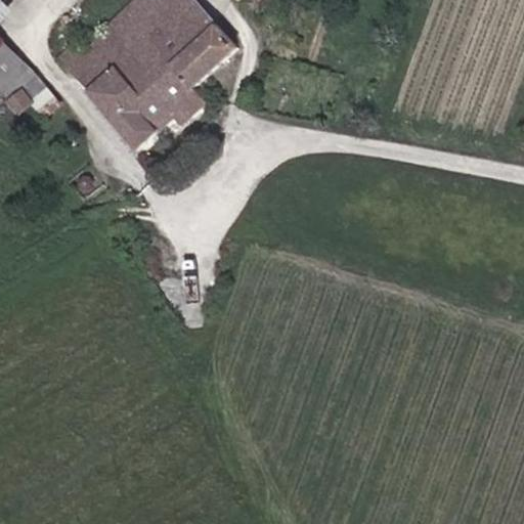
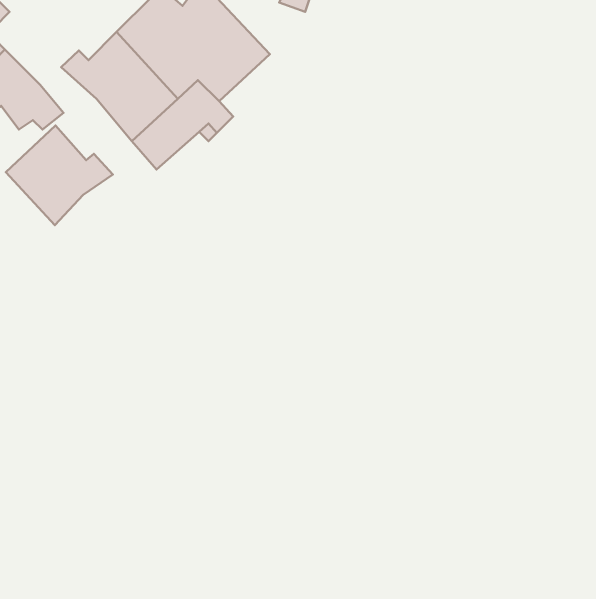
building: none -> [6,125,113,225]

